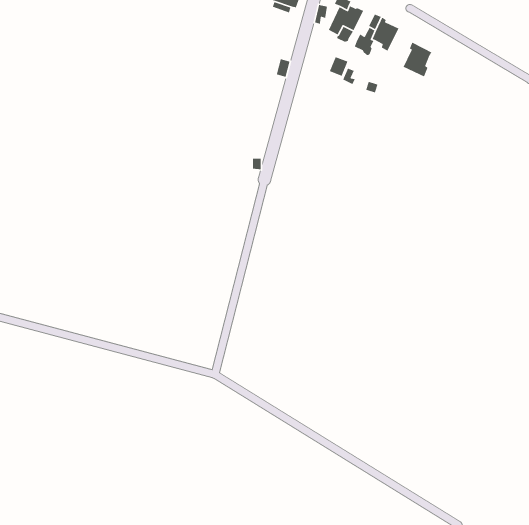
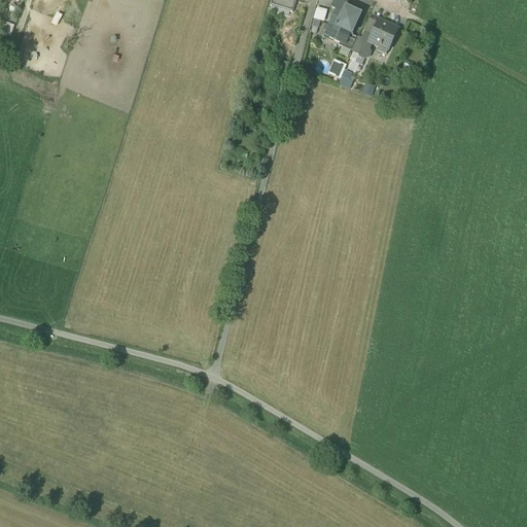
building: [402,42,432,78] -> none

